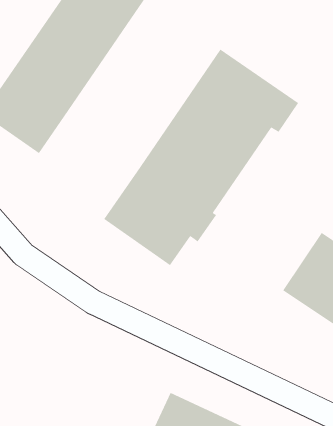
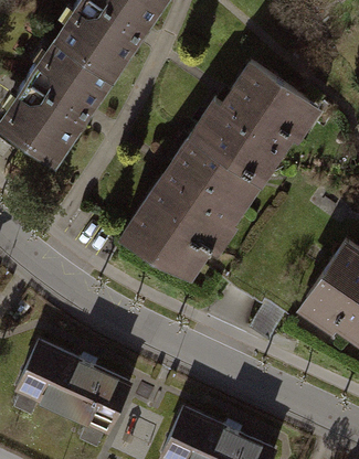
building: none -> [21,342,137,439]

